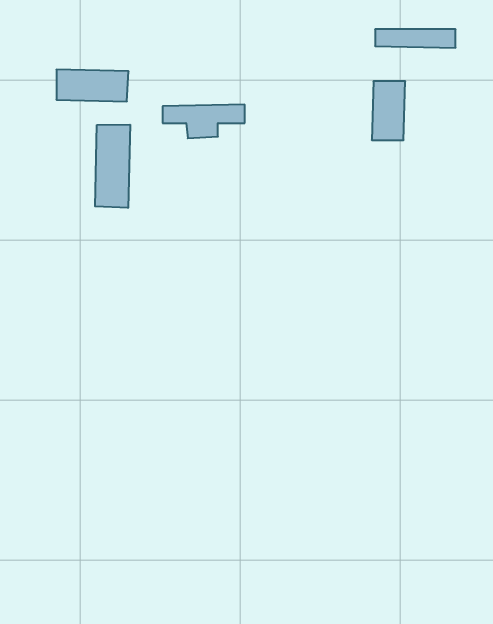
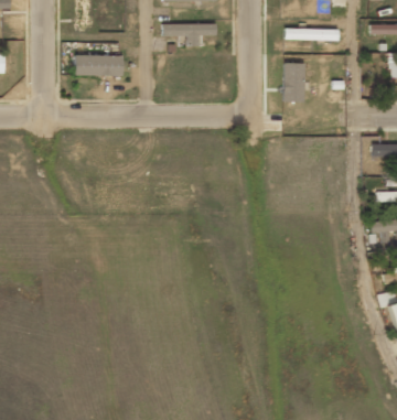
building: [163,105,245,138] -> [162,23,216,45]
building: [95,125,130,208] -> none

